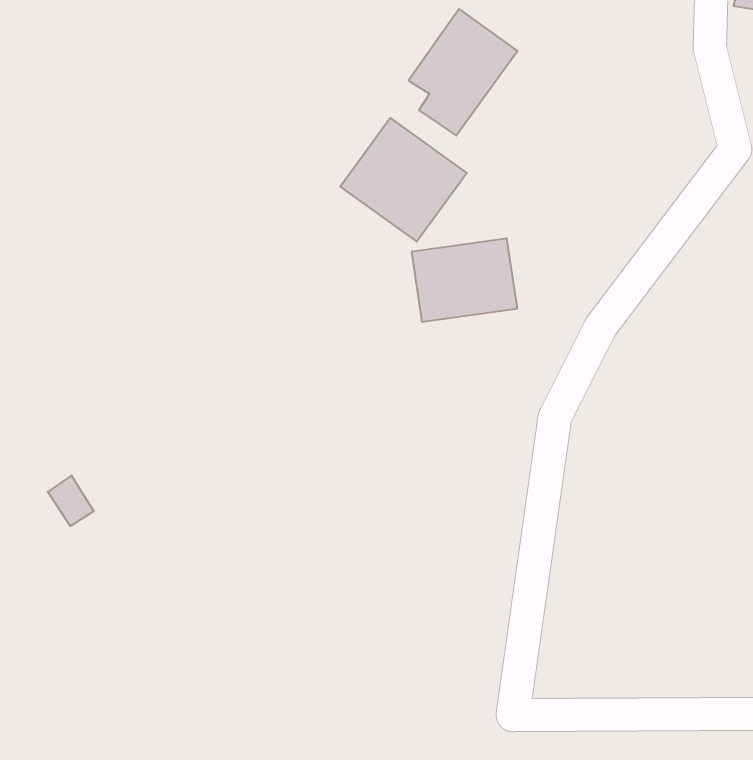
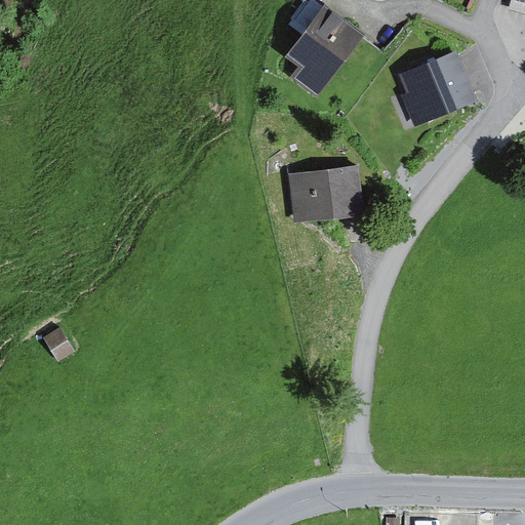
building: none -> [400,51,475,122]
building: [340,118,467,242] -> none

